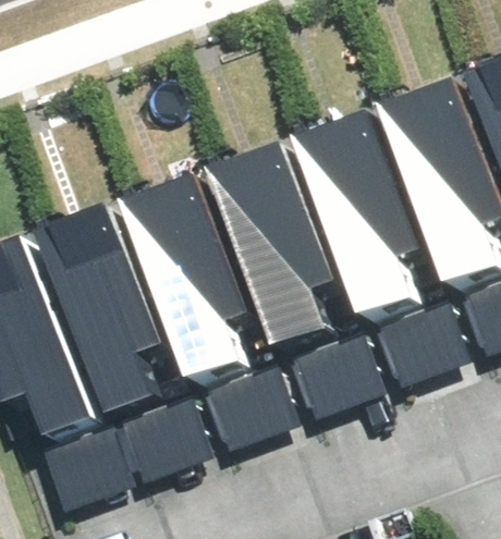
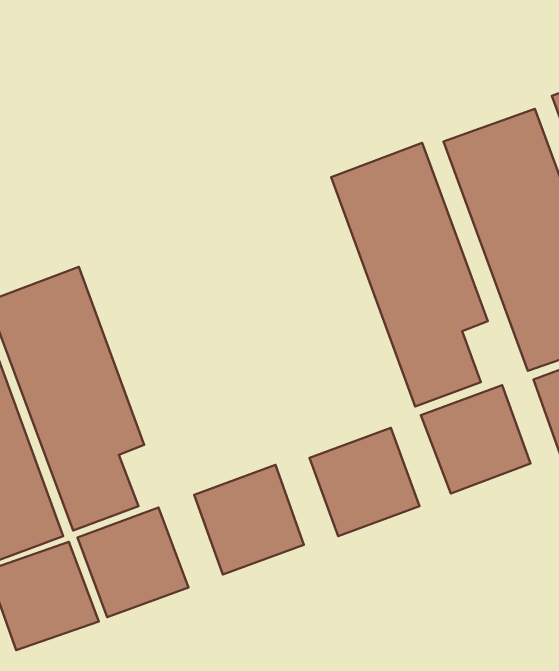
building: [219,148,339,348] -> none
building: [131,176,250,378] -> none

